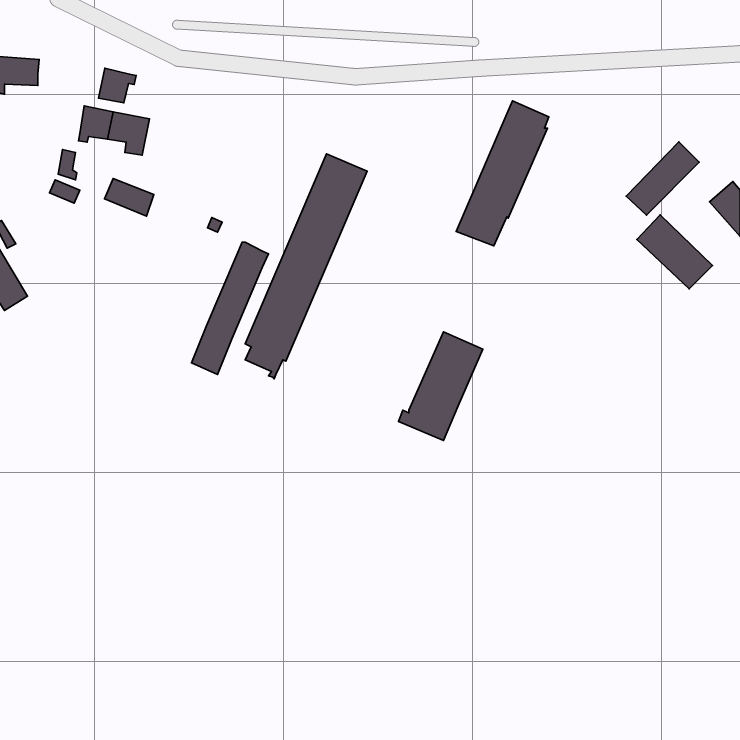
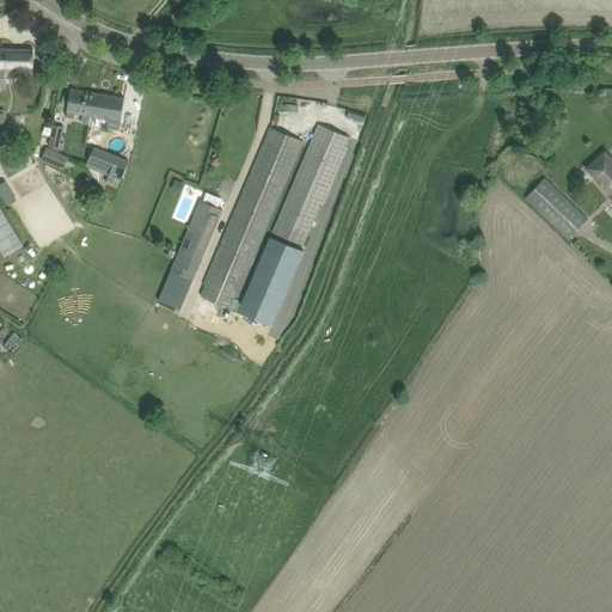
building: [99,68,136,103] -> none
building: [456,101,549,246] -> [271,123,348,243]
building: [626,142,699,215] -> none
building: [399,332,483,441] -> [233,235,302,325]

